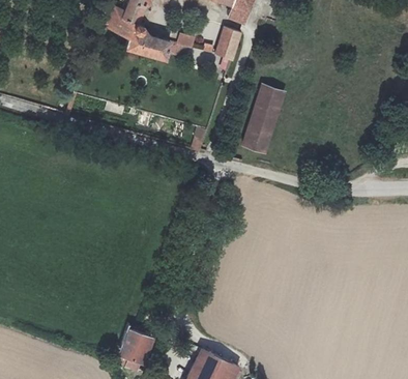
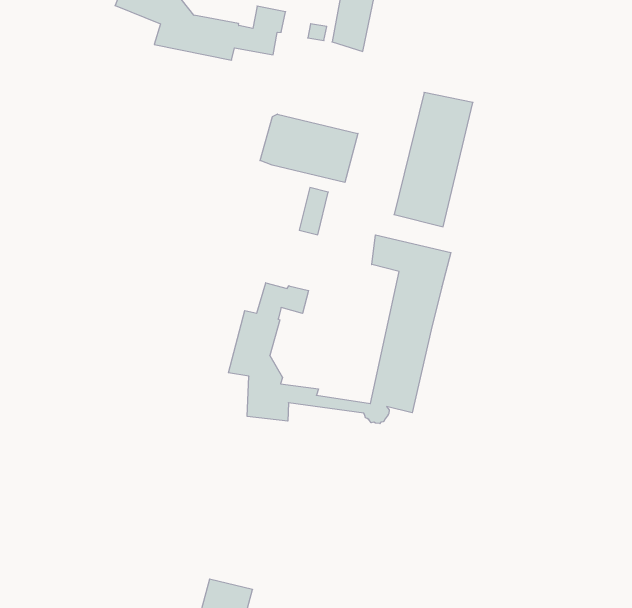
building: none -> [260,114,358,182]
building: none -> [228,235,451,424]

